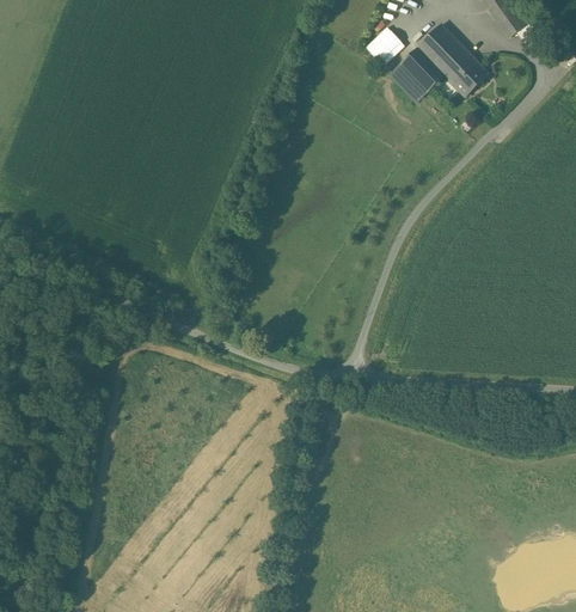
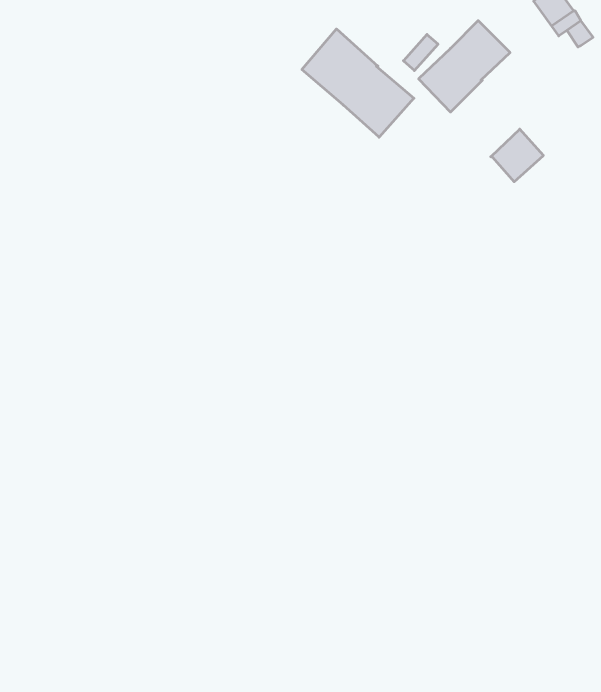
building: none -> [302,29,414,137]
building: [442,49,488,94] -> [491,129,543,182]

